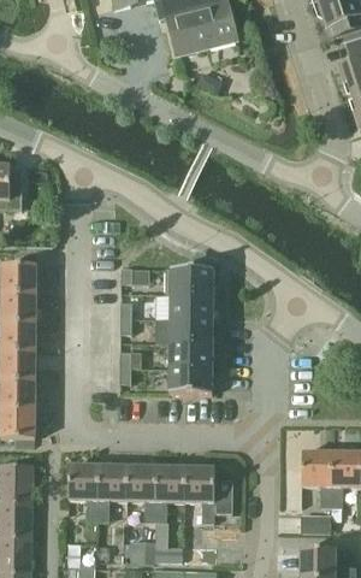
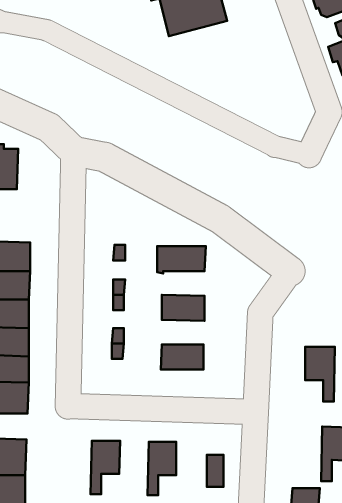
building: [170,294,213,319] -> none
building: [170,343,213,368] -> none
building: [302,452,332,507] -> [305,347,335,401]
building: [69,465,99,520] -> none
building: [126,466,156,521] -> none
building: [184,467,214,523] -> none

